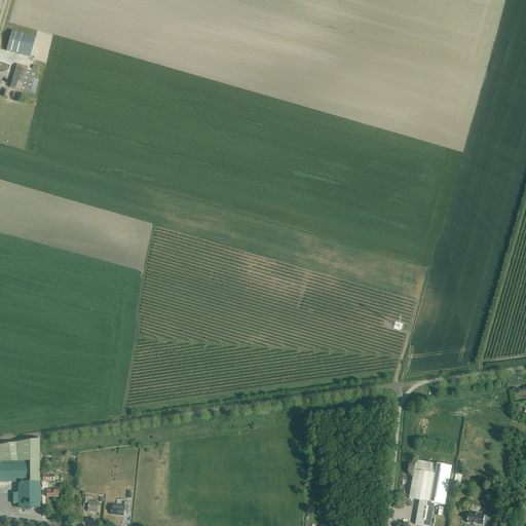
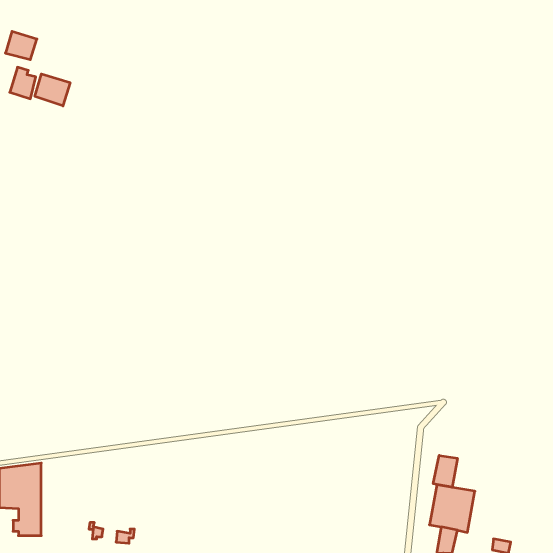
building: none -> [35,74,70,106]
building: none -> [433,455,457,487]

